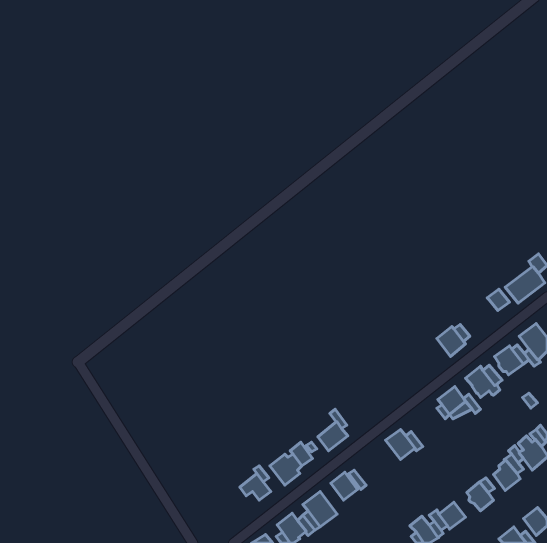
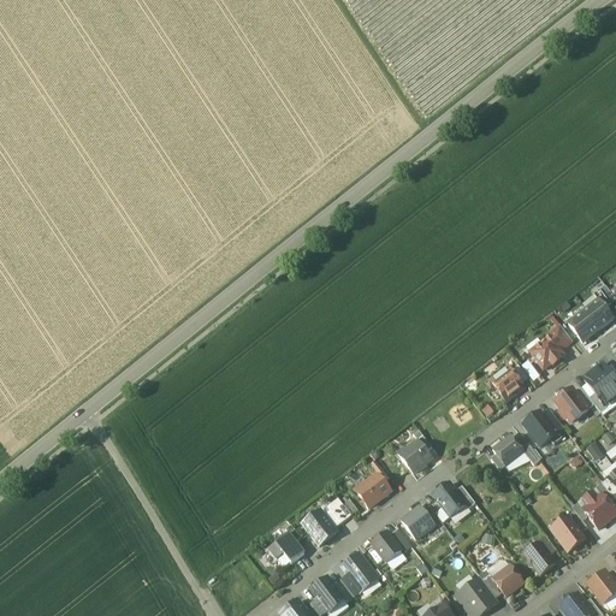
building: none -> [531,337,563,368]
building: none -> [398,440,432,473]
building: none -> [402,505,434,539]

